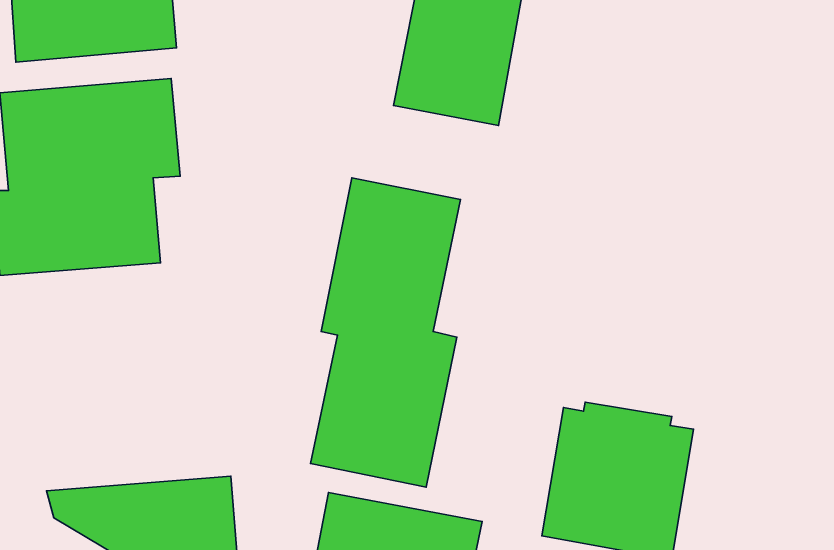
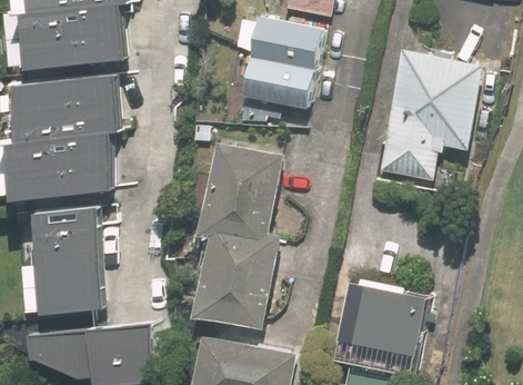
building: none -> [379,51,487,181]
building: none -> [29,207,104,308]

